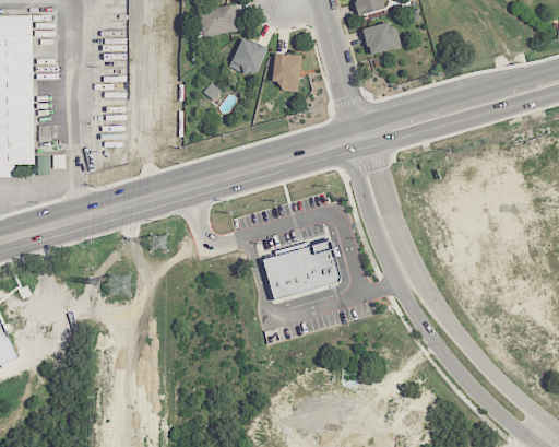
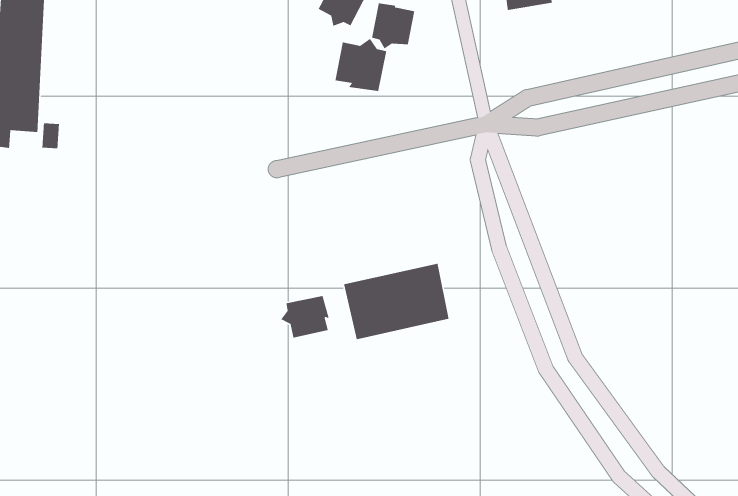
building: none -> [335,38,387,92]
building: none -> [280,295,330,338]

